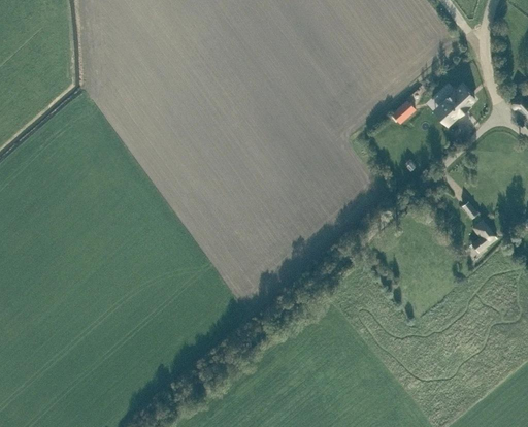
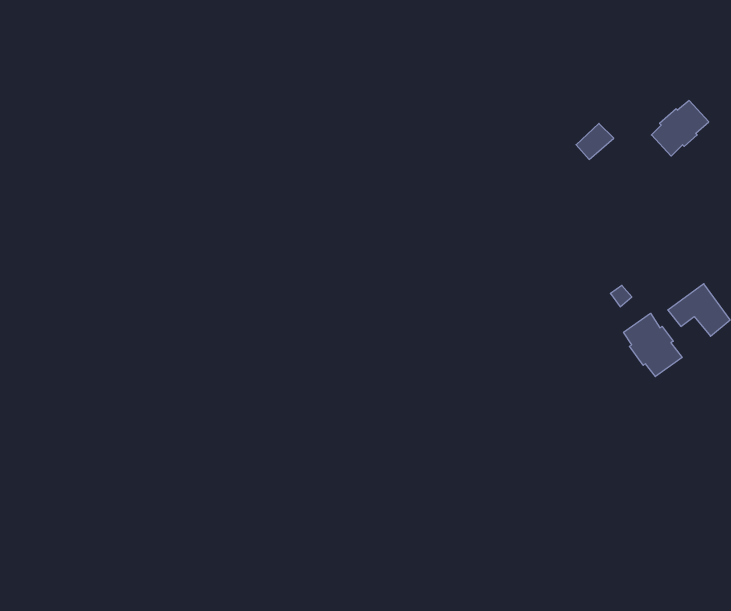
building: none -> [624,313,682,377]

